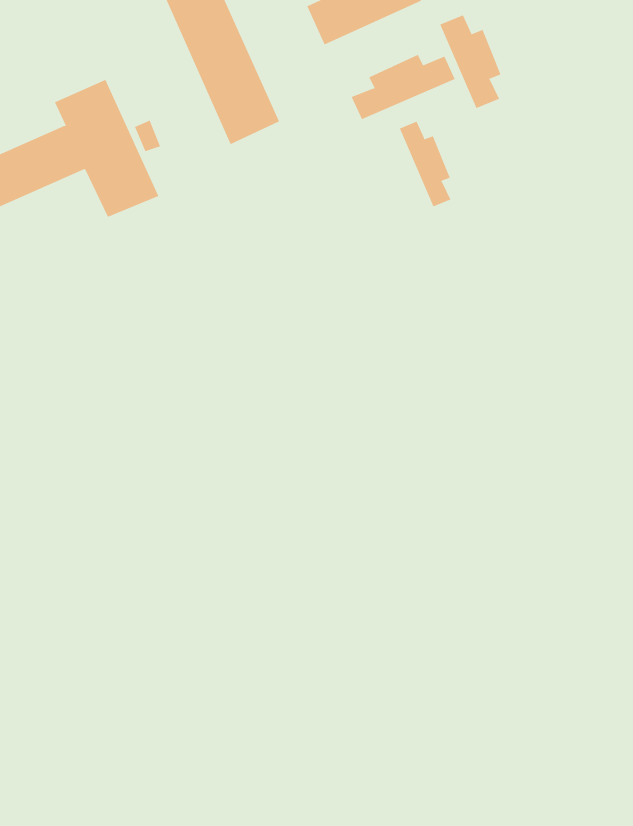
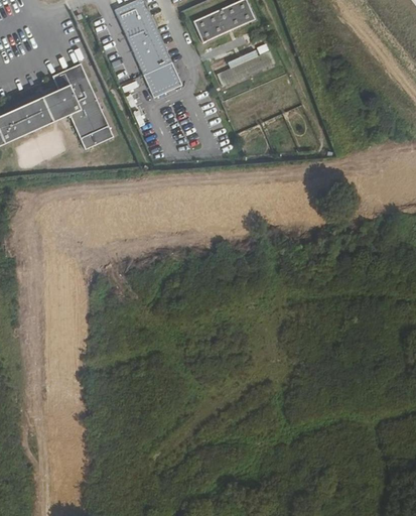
building: [440,15,501,109] -> none
building: [399,121,451,207] -> none

